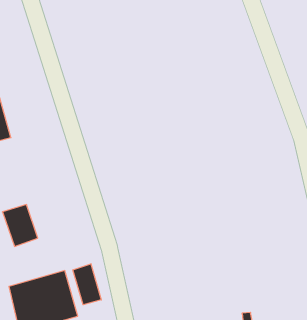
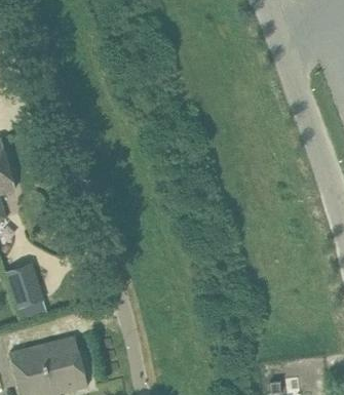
building: [73,264,101,305] -> none

